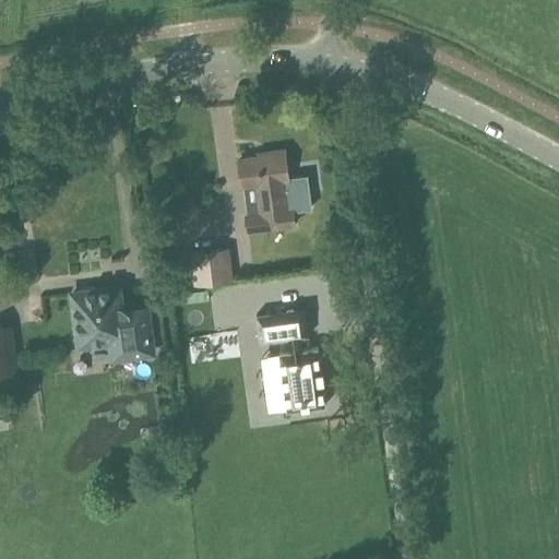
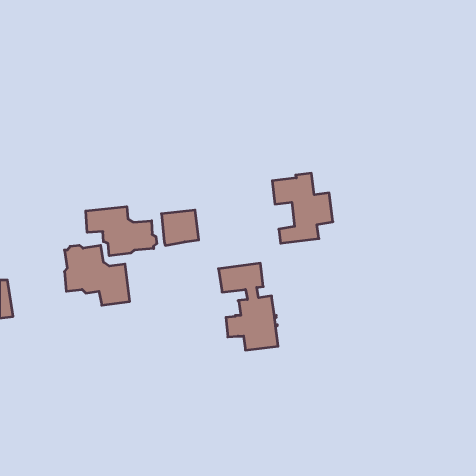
building: [239,152,310,234] -> [272,173,333,243]
building: none -> [86,207,157,256]

